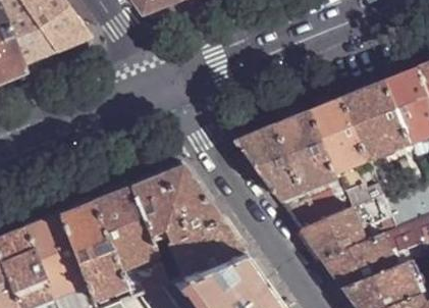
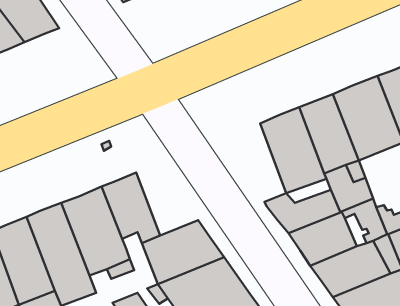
building: [239,125,302,199] -> none
building: [161,163,219,230] -> none

